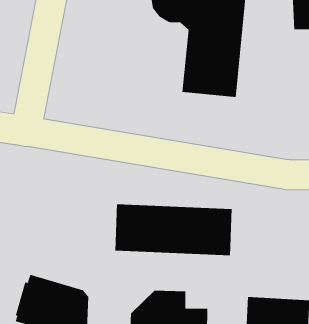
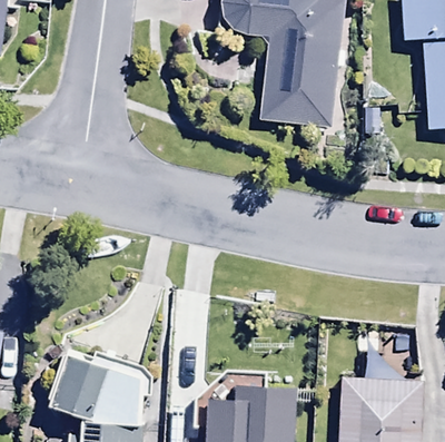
building: [115,204,232,256] -> none

